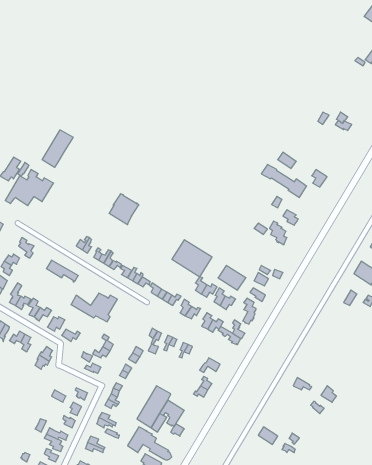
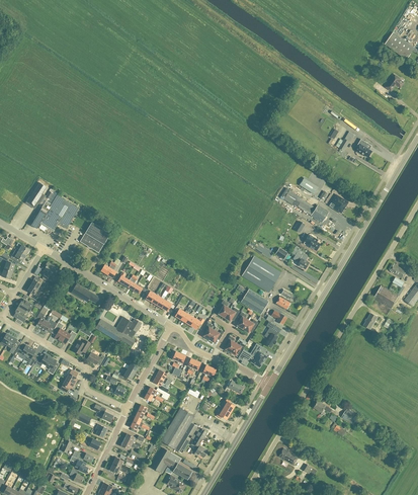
building: [42,130,73,167] -> none
building: [109,194,139,225] -> [81,222,110,252]
building: [172,240,212,277] -> [242,255,281,292]

